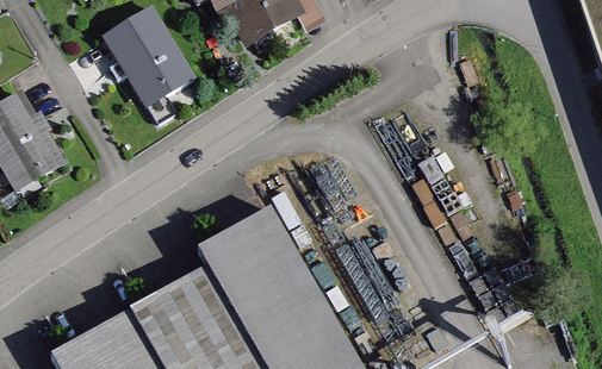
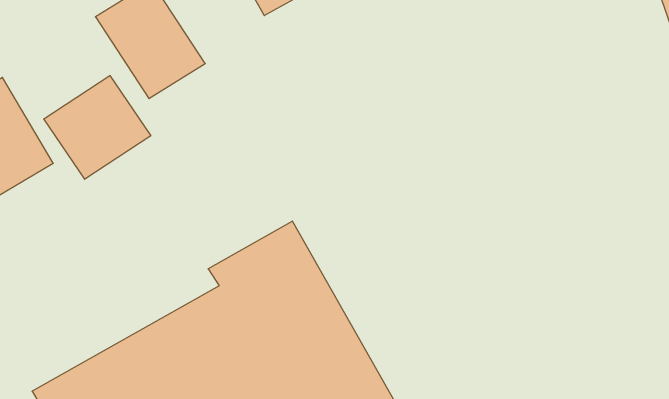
building: none -> [44,76,151,179]

